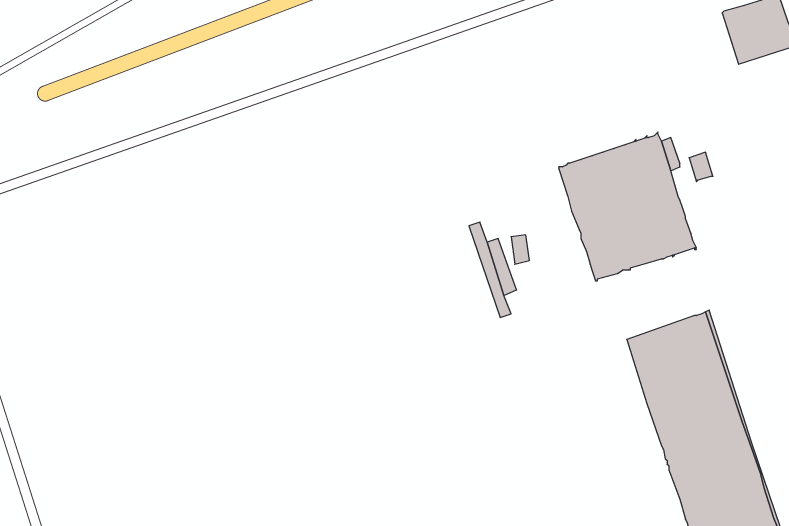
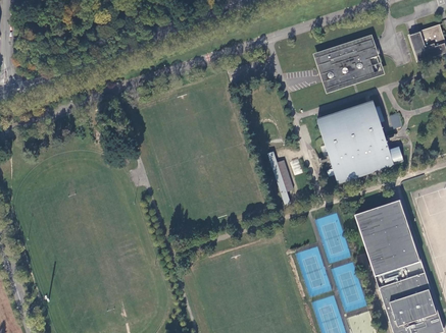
building: none -> [312,34,384,93]

